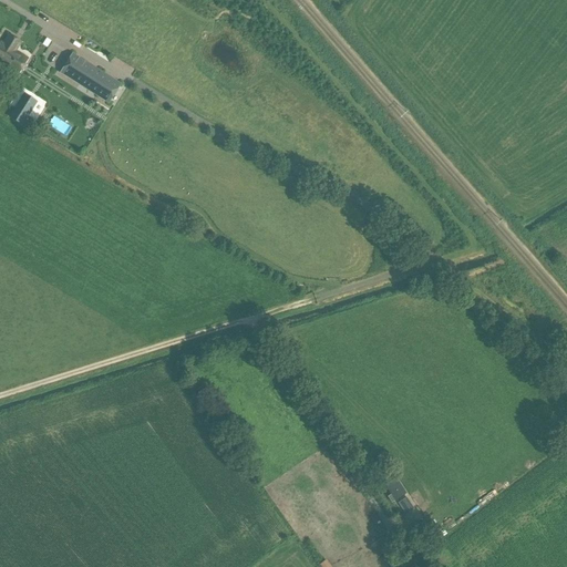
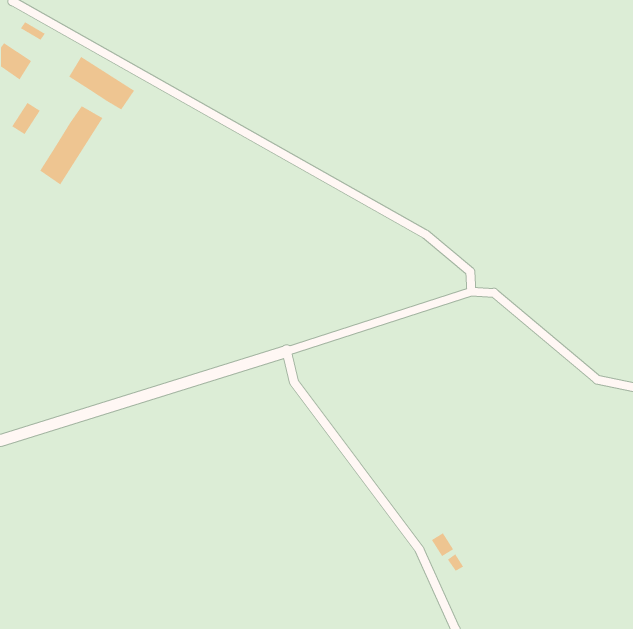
building: none -> [39,105,103,186]

